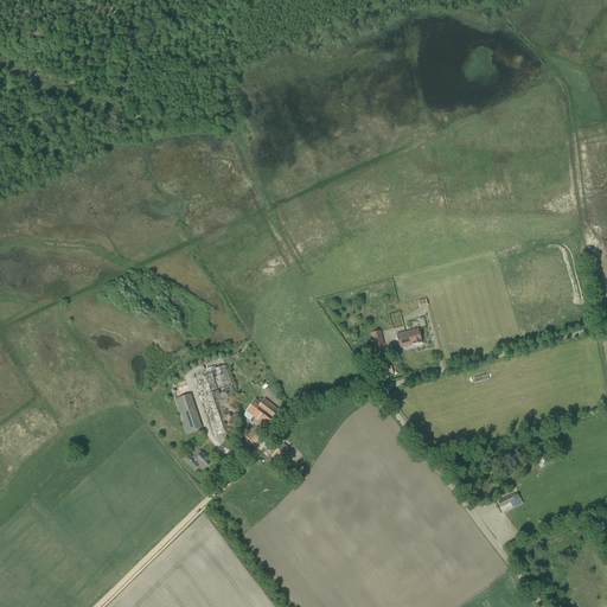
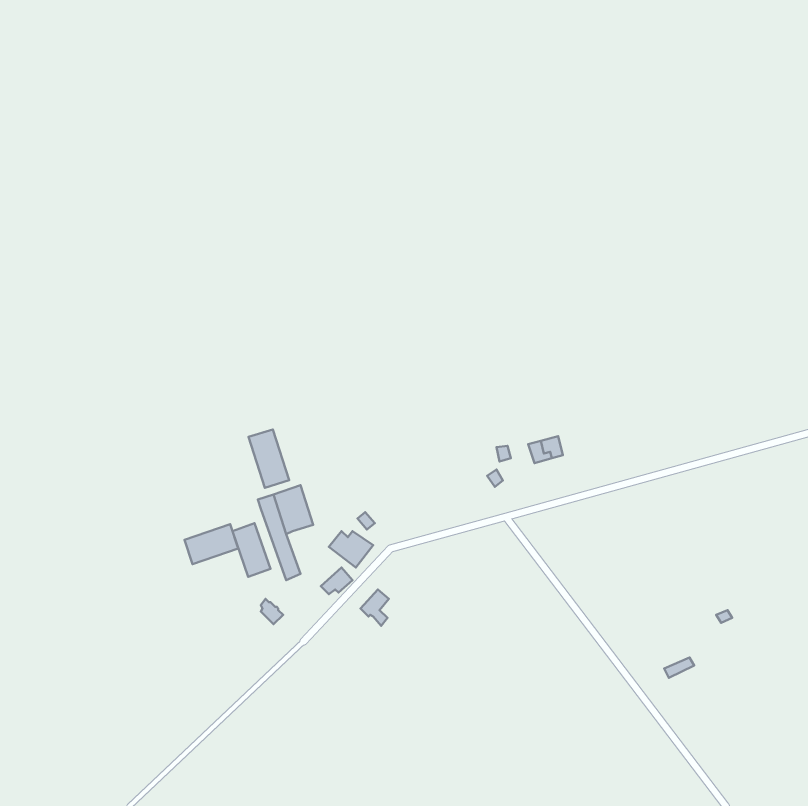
building: none -> [248,429,289,488]
building: none -> [185,524,238,564]

